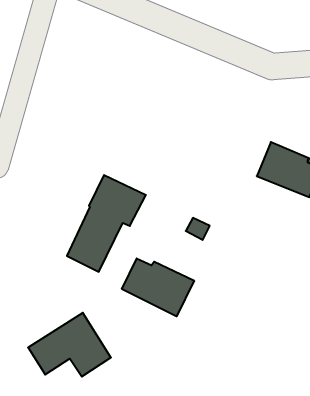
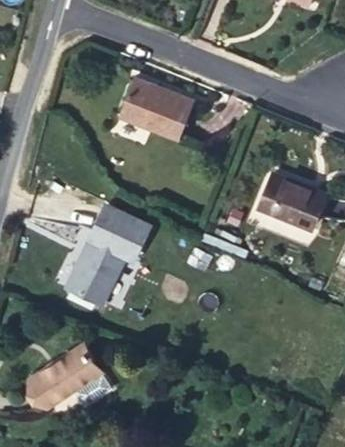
building: none -> [118,78,193,141]
building: [122,258,194,316] -> none

